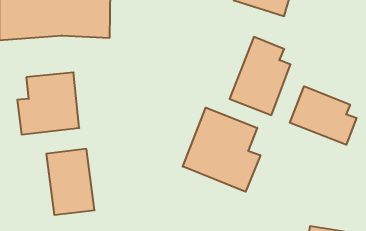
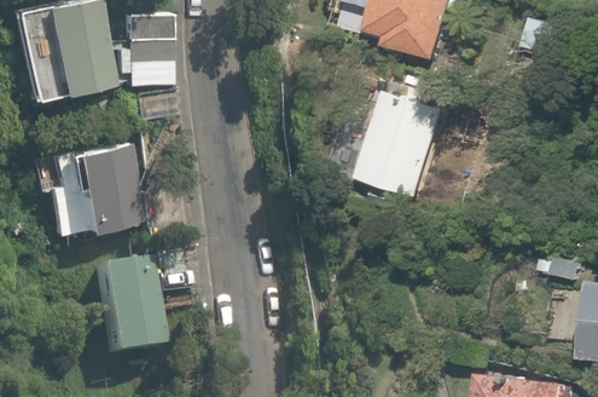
building: [290,86,357,145] -> none
building: [183,108,260,192] -> none

